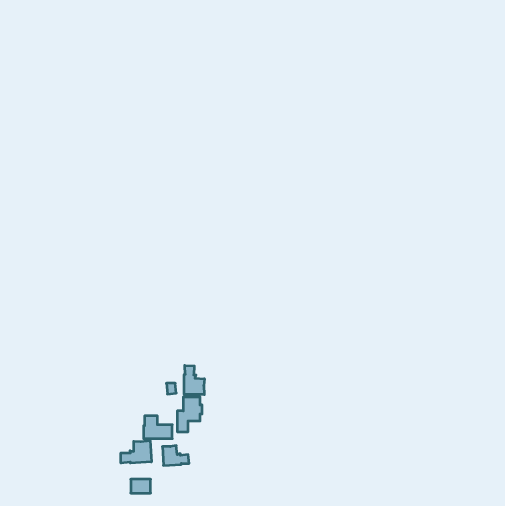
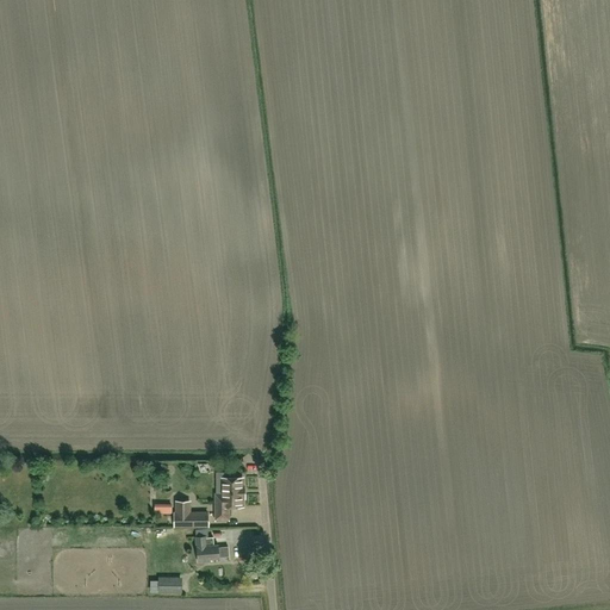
building: [184,365,204,395] -> none
building: [121,441,151,463] -> none

